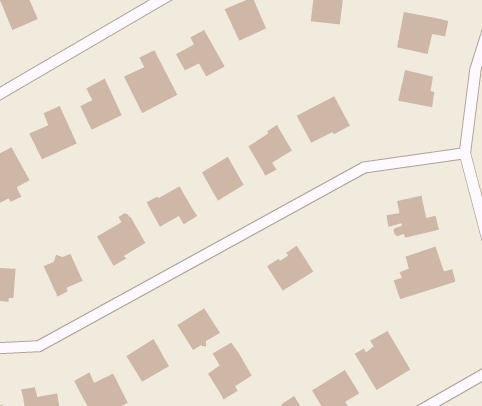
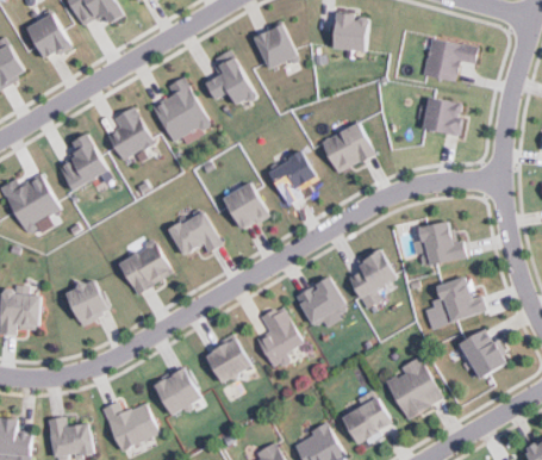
building: none -> [345,245,394,307]
building: none -> [457,330,504,380]
building: [207,341,253,401] -> [255,306,301,366]

